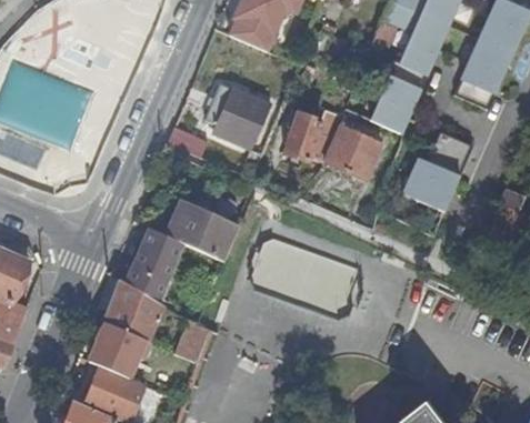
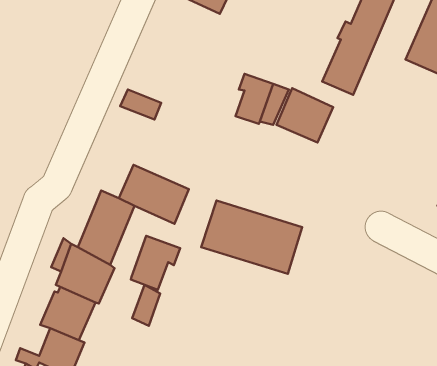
building: [207,83,278,148] -> none
building: [403,131,473,212] -> none
building: none -> [131,236,180,290]

